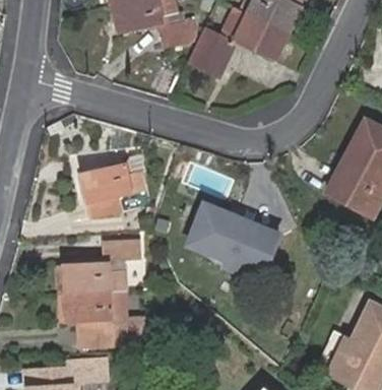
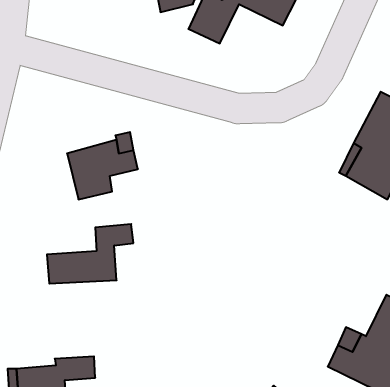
building: [186,203,277,282] -> none
building: [63,290,142,345] -> none

